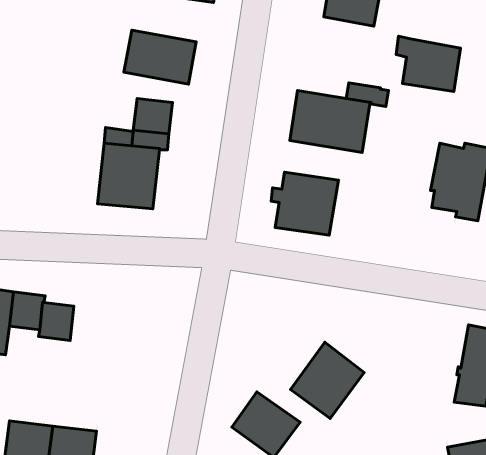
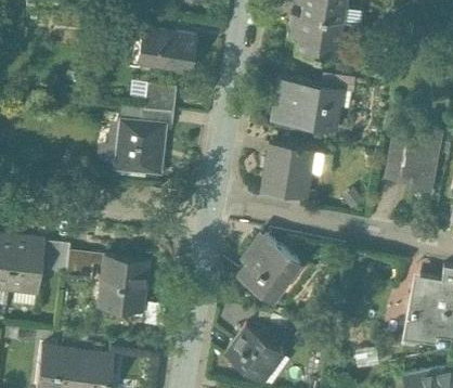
building: [396,36,460,91] -> [288,17,341,63]
building: none -> [101,259,146,310]
building: [291,342,364,418] -> [237,240,298,302]

